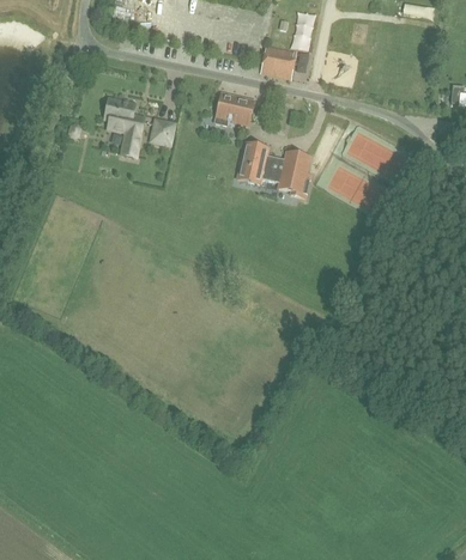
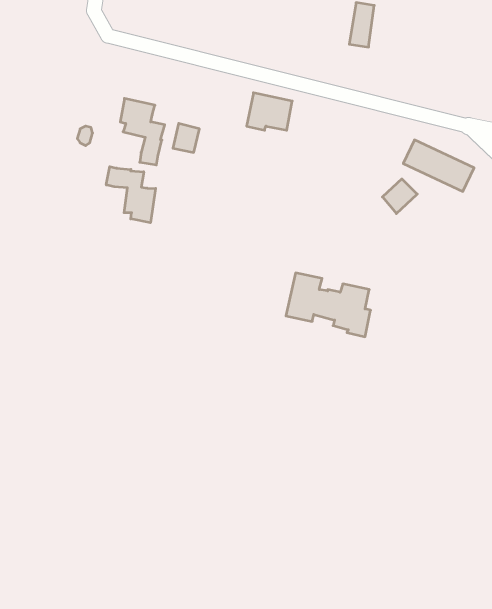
building: [259,45,295,78] -> none
building: [236,141,309,196] -> [286,273,371,337]
building: none -> [106,167,156,223]

